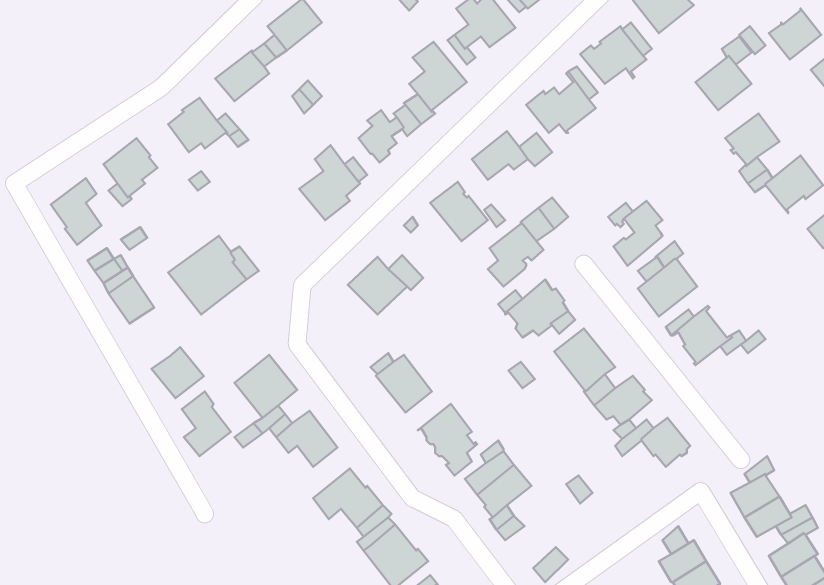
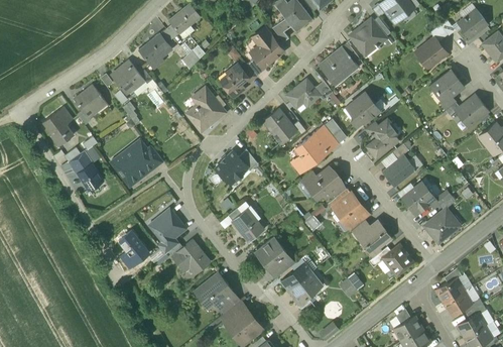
building: none -> [348,92,380,126]
building: [152,347,204,398] -> none
building: none -> [424,210,460,242]

